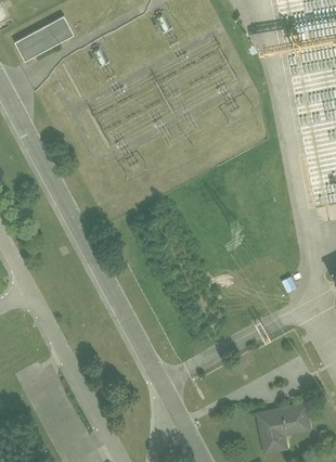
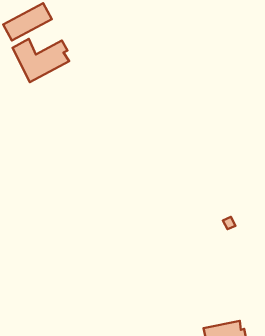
building: none -> [13,39,69,82]

